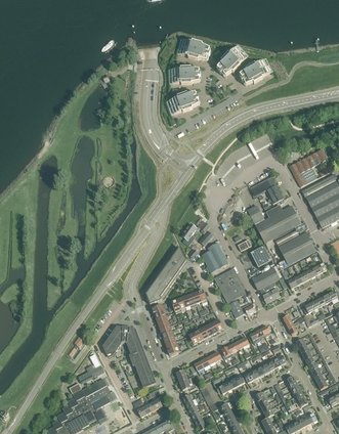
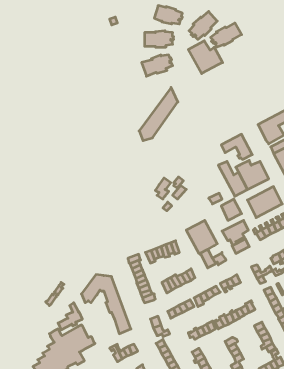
building: none -> [188,41,223,74]
building: [201,242,227,272] -> none
building: [145,247,186,303] -> [139,87,178,141]

